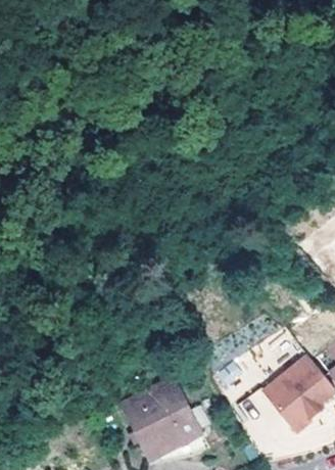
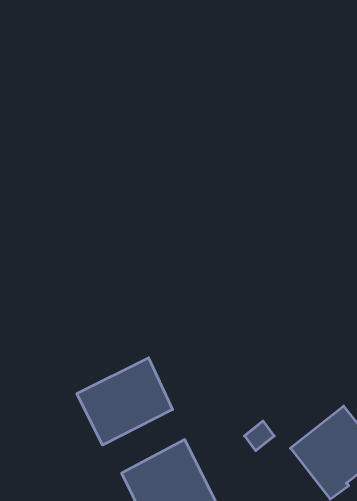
building: none -> [77,358,173,445]

